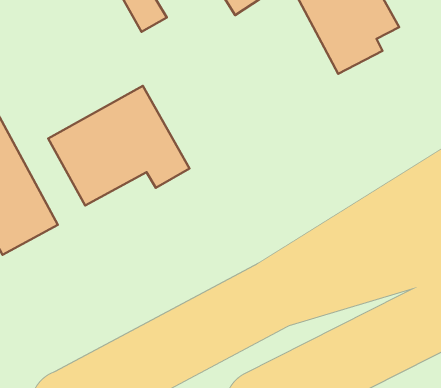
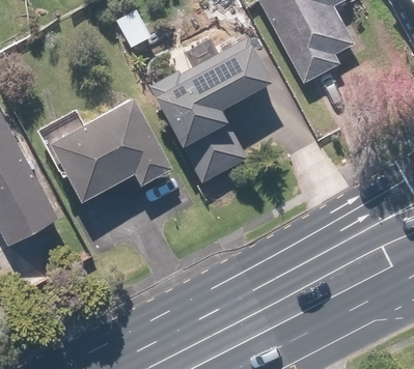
building: none -> [154,36,274,181]

